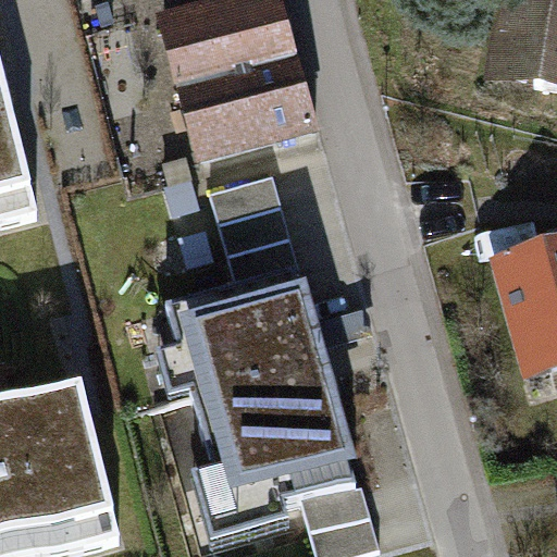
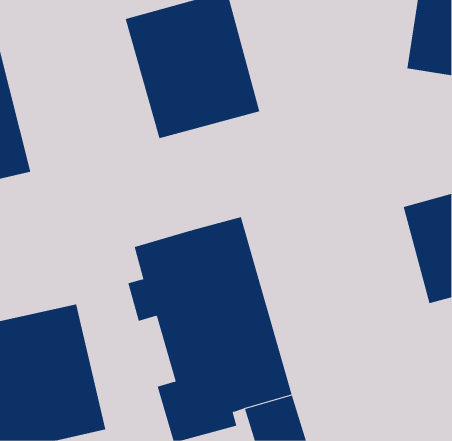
building: [209,173,295,281] -> none

